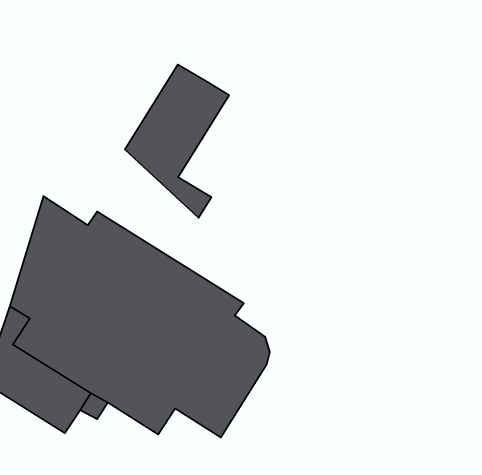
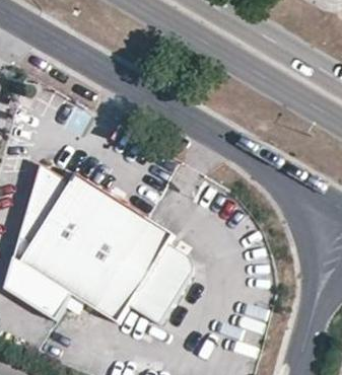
building: [125,65,229,218] -> none

